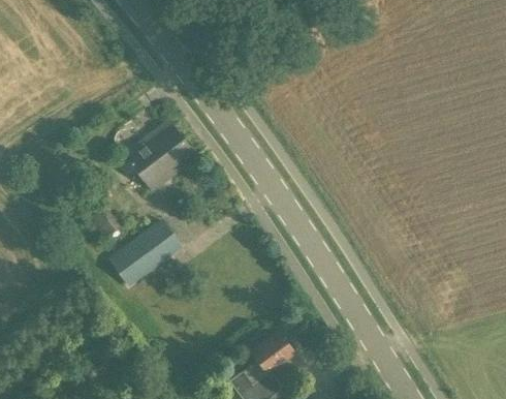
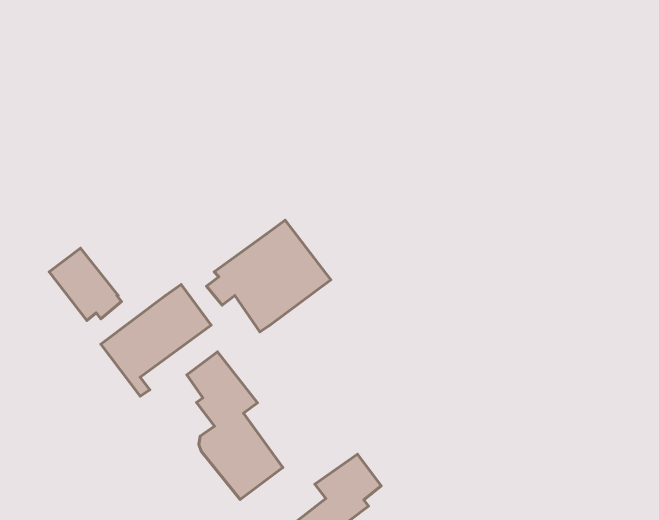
building: [118,120,199,193] -> [206,220,331,332]
building: none -> [187,352,283,500]

